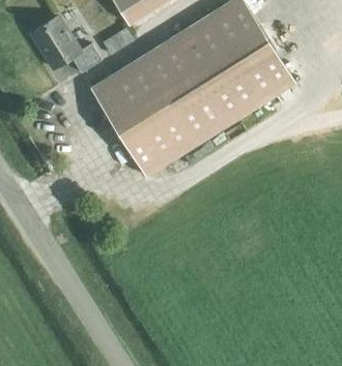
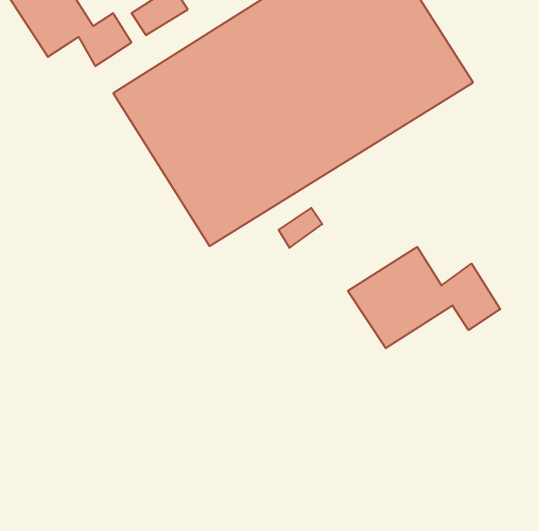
building: none -> [348,247,500,348]

